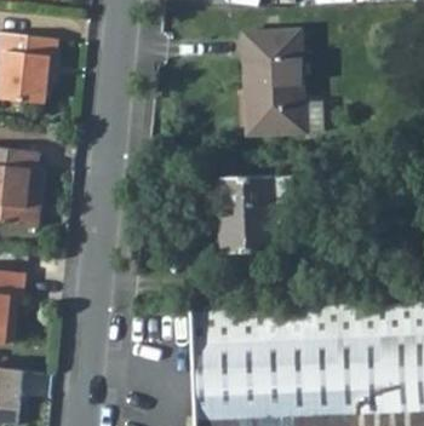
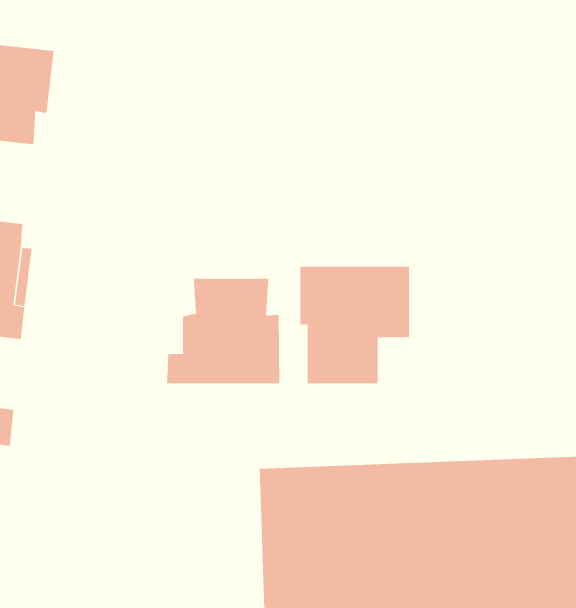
building: [247,34,305,137] -> none
building: none -> [167,278,280,384]

